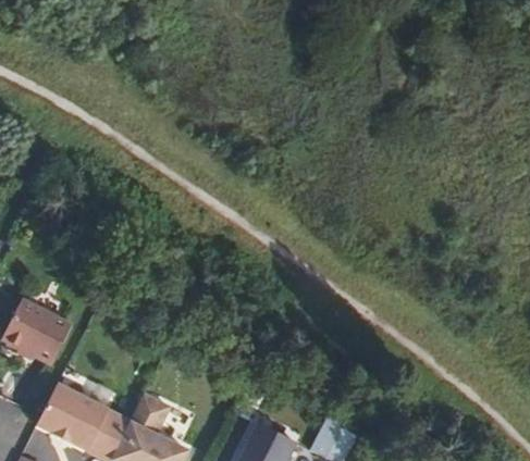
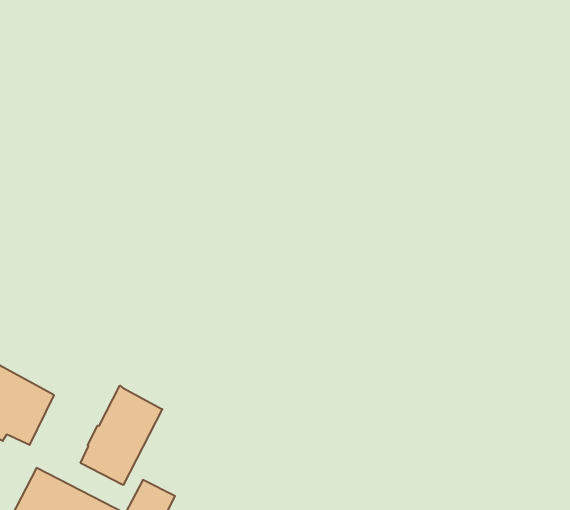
building: none -> [81,386,162,485]

